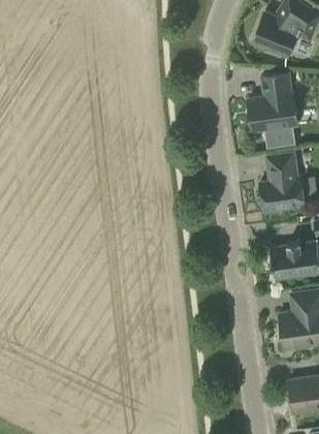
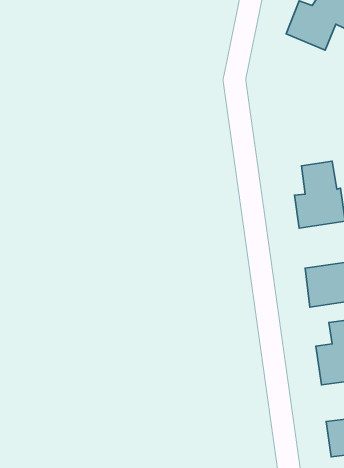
building: [247,73,296,148] -> none

